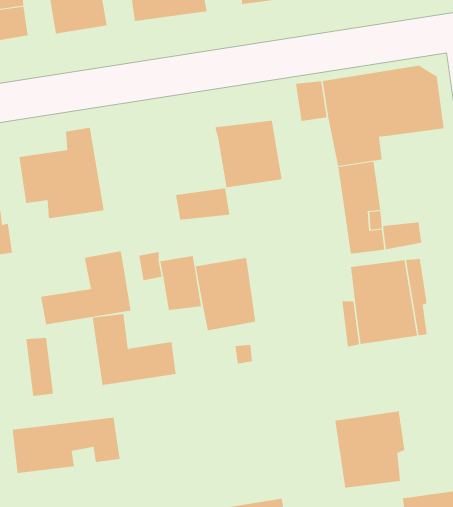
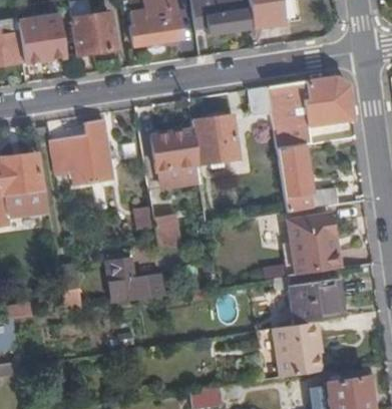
building: none -> [152,128,199,168]
building: [41,251,131,325] -> none
building: [195,257,256,331] -> none
building: none -> [289,280,345,326]
building: [12,417,120,474] -> none

